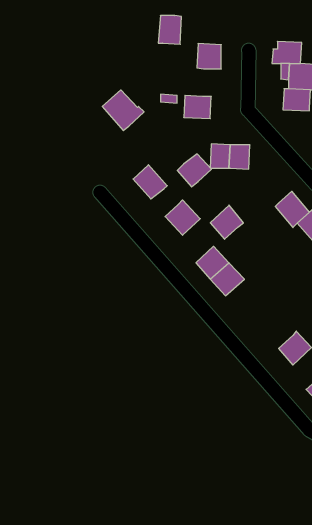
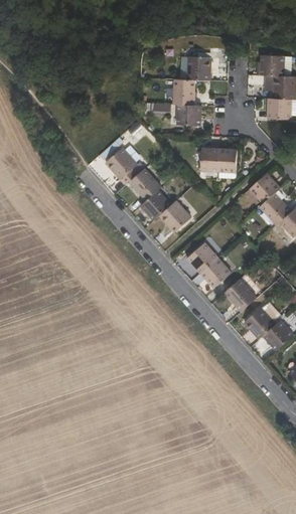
building: [158,16,181,44] -> [172,78,193,105]
building: [102,90,144,131] -> [105,147,143,184]
building: [177,154,211,187] -> [139,189,170,219]
building: [210,205,243,239] -> [249,171,279,202]
building: none -> [224,278,255,310]
building: none -> [242,305,275,338]

